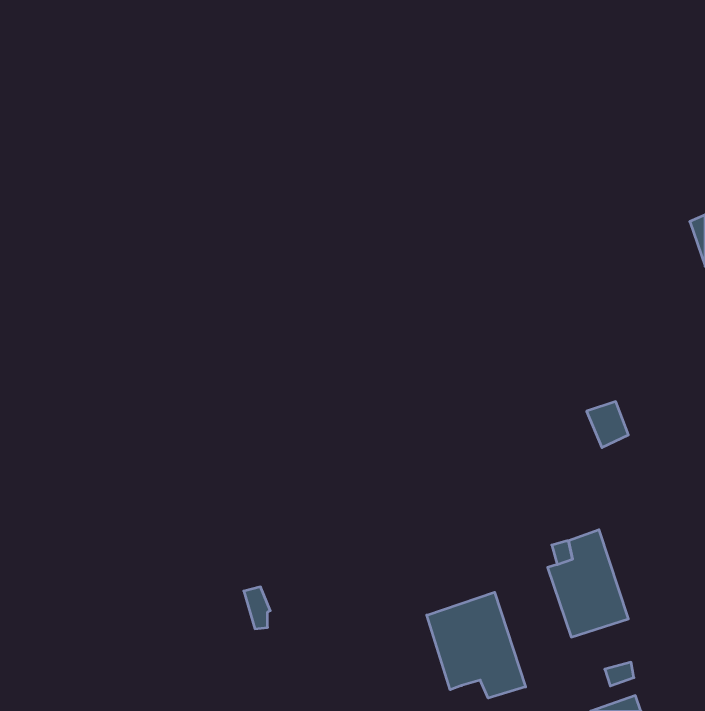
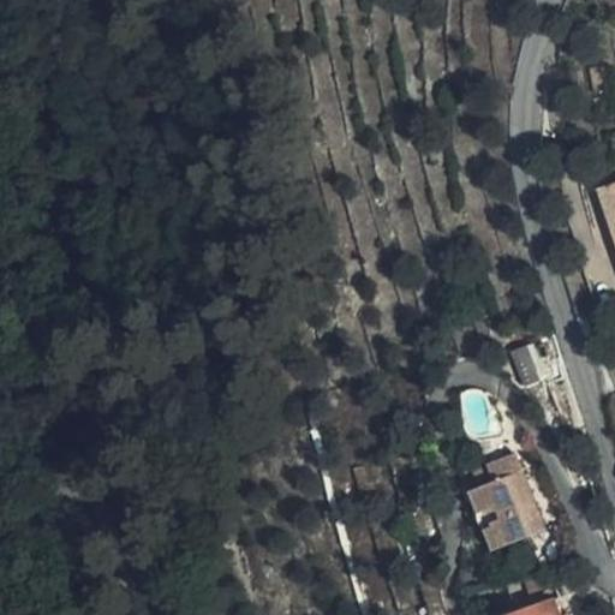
building: [427,592,526,698] -> none

